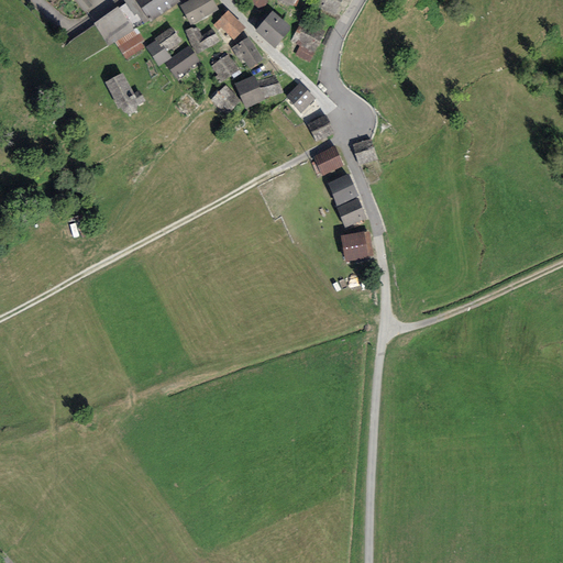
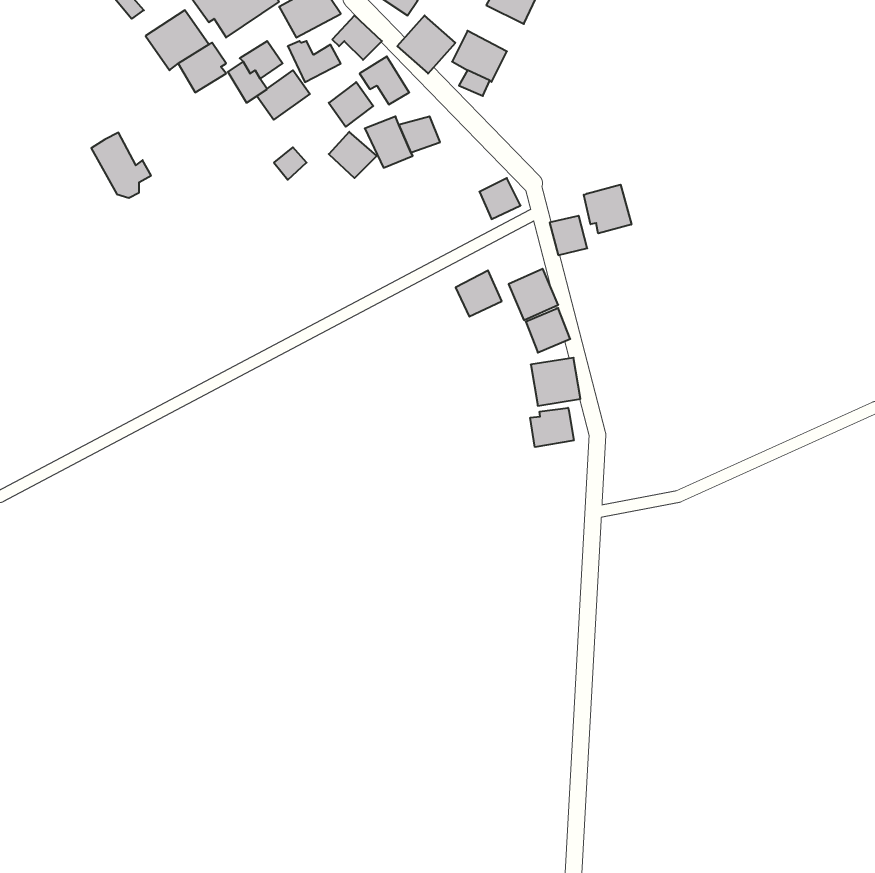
building: [106,74,144,115] -> [91,133,151,198]
building: [286,82,314,112] -> none
building: none -> [584,185,631,233]
building: [313,145,343,175] -> [456,270,502,317]
building: none -> [530,408,574,447]

